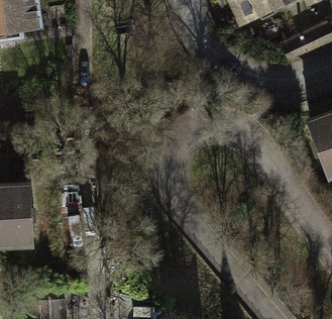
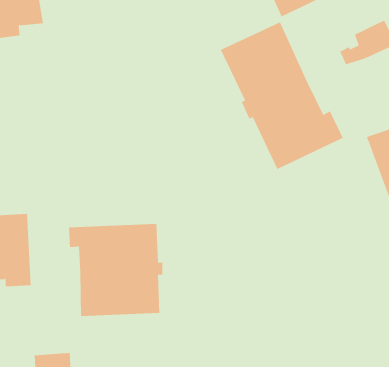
building: none -> [220,22,343,170]
building: none -> [68,223,163,317]

